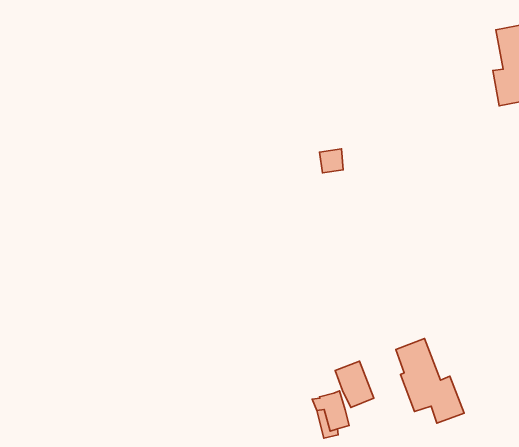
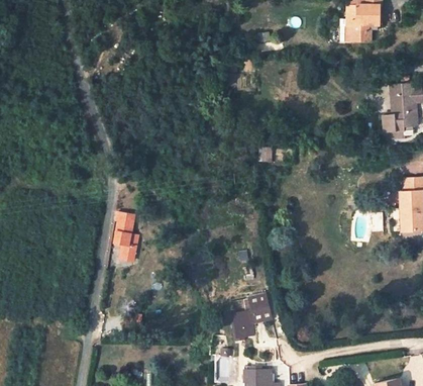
building: none -> [116,212,139,260]
building: [396,339,464,423] -> none

